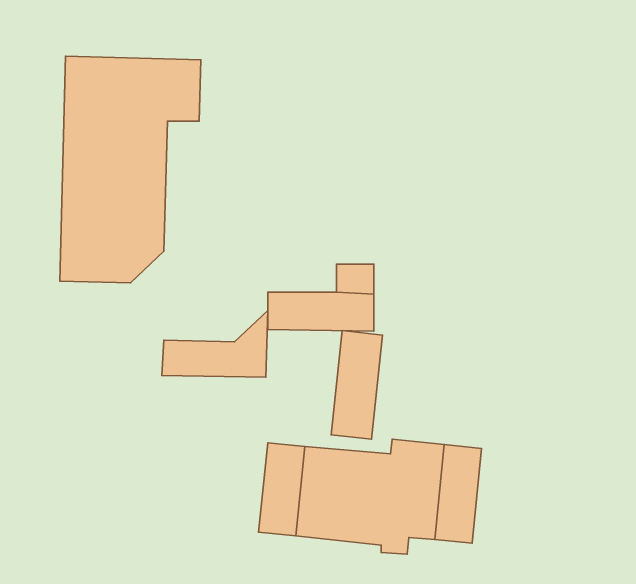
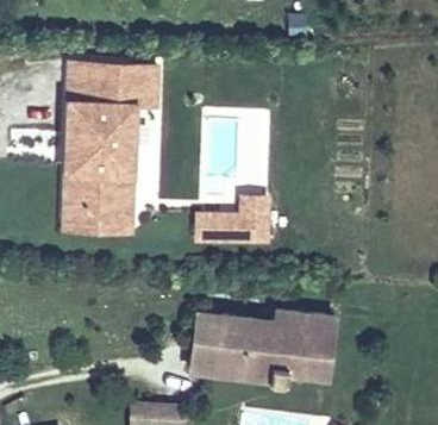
building: [162,310,268,377] -> [62,188,130,231]
building: [331,331,382,439] -> none

